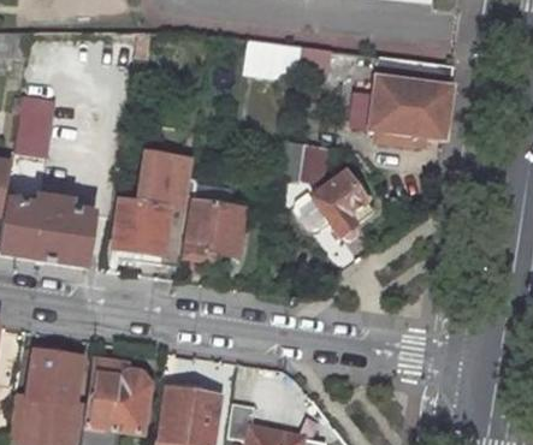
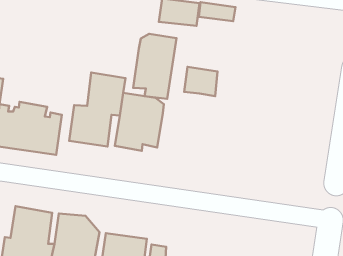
building: [367,57,457,141] -> none
building: none -> [133,34,177,99]
building: [13,94,54,158] -> none
building: [309,167,378,238] -> none

